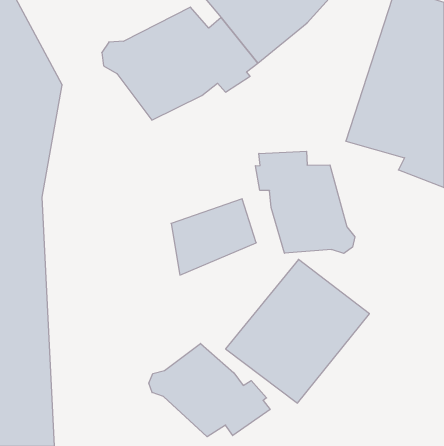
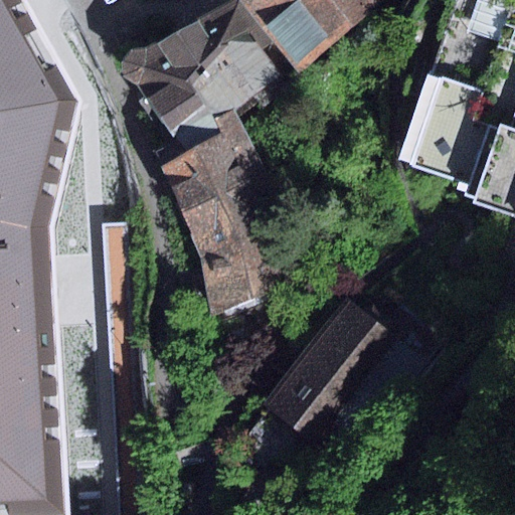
building: none -> [153,110,278,256]
building: [255,151,355,253] -> none
building: [149,343,270,437] -> none

